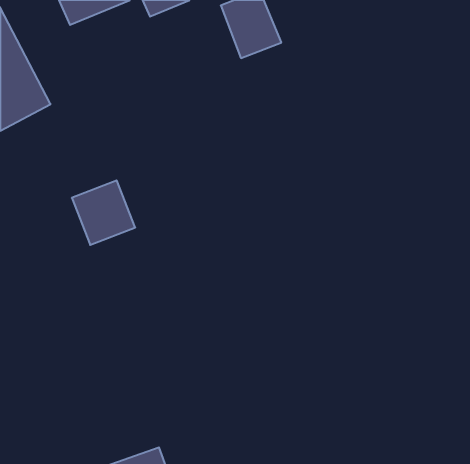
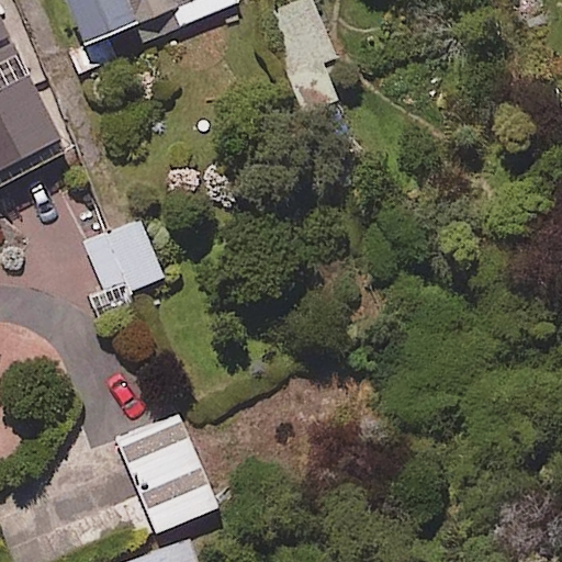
building: none -> [119,416,216,532]

